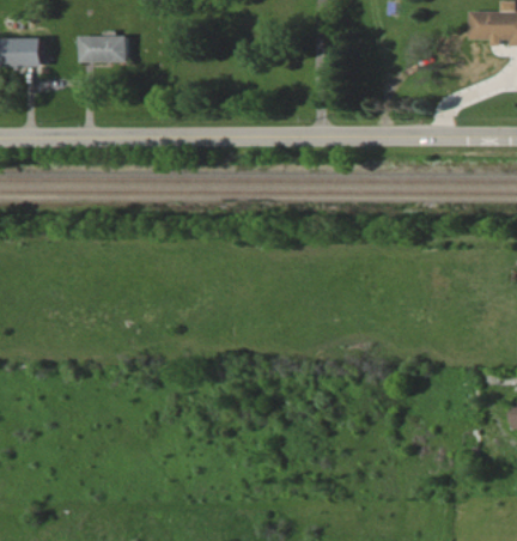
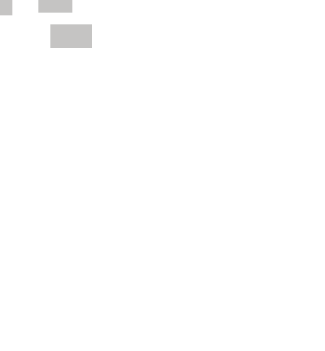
building: none -> [50,23,92,49]

